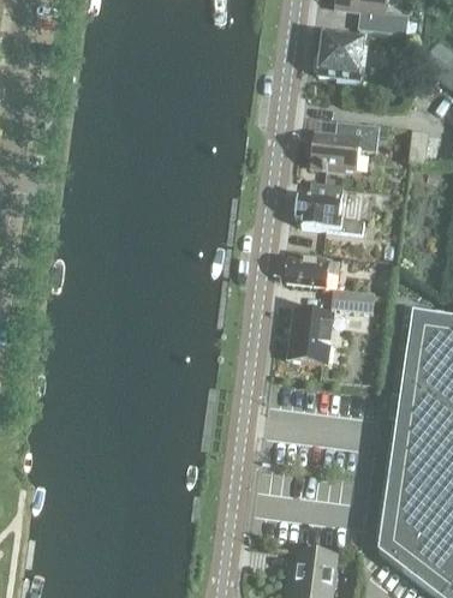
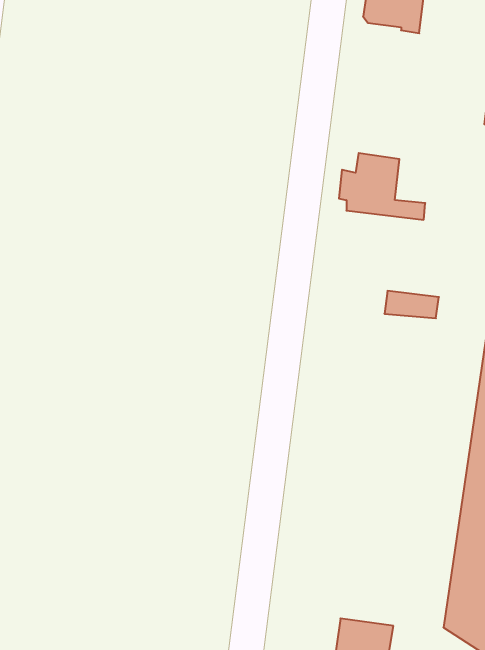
building: [311,118,388,166] -> none
building: [288,255,328,283] -> none
building: [288,305,335,361] -> none

